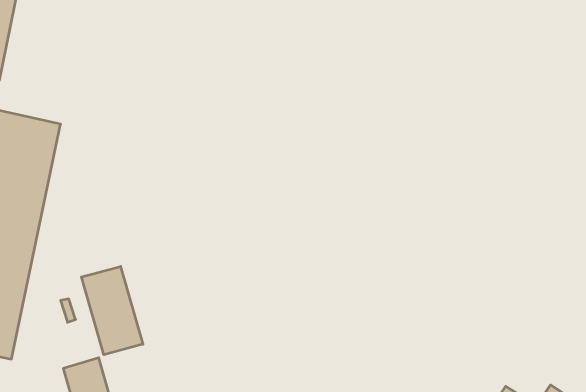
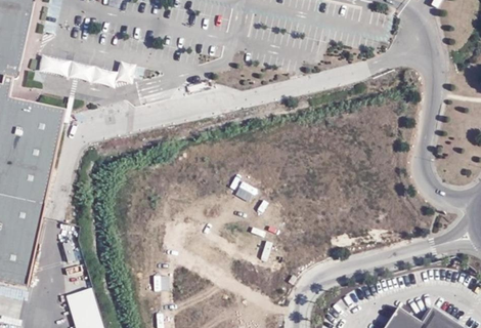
building: [81,266,143,355] -> none

